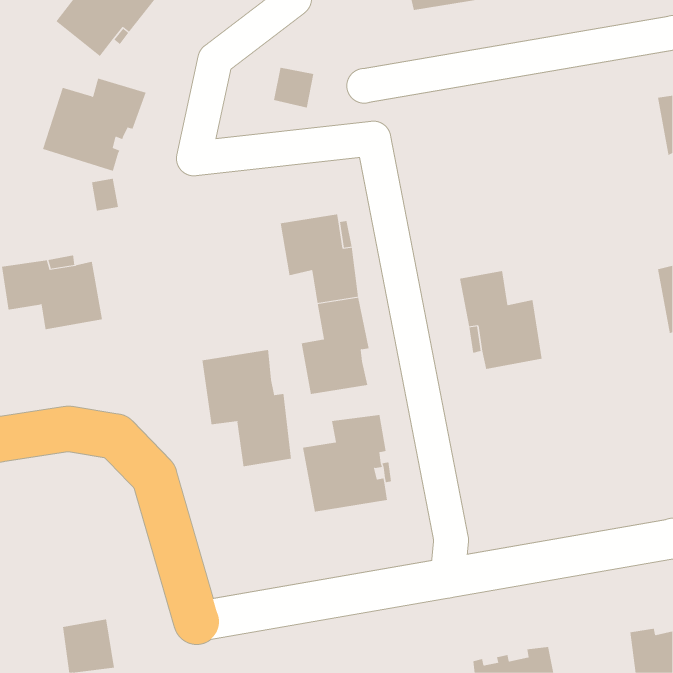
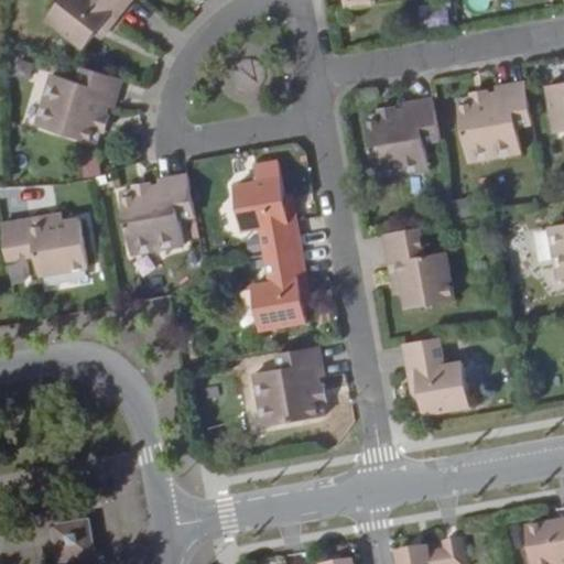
building: none -> [457,79,532,159]
building: none -> [365,97,440,175]
building: none -> [118,174,195,252]
building: [202,349,291,467] -> none
building: none -> [403,336,469,414]

